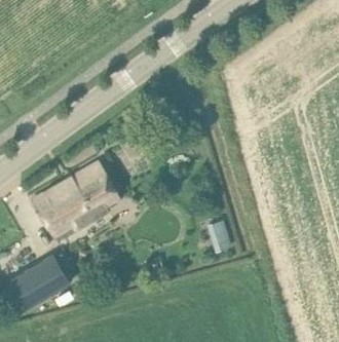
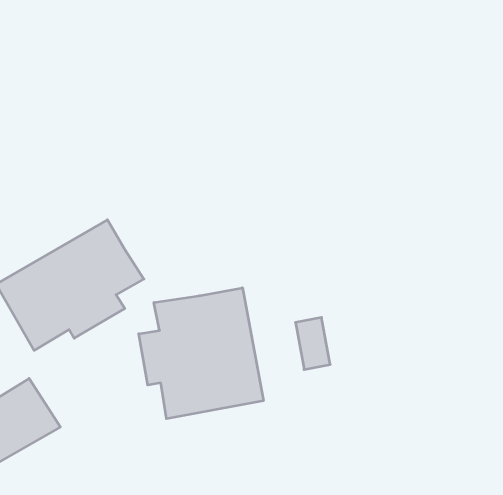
building: none -> [139,288,263,419]

